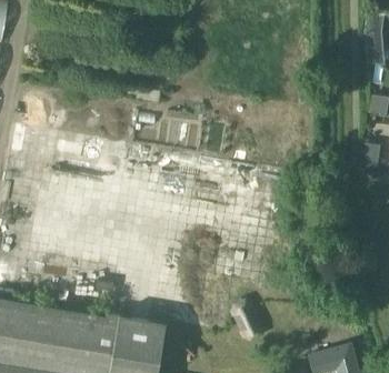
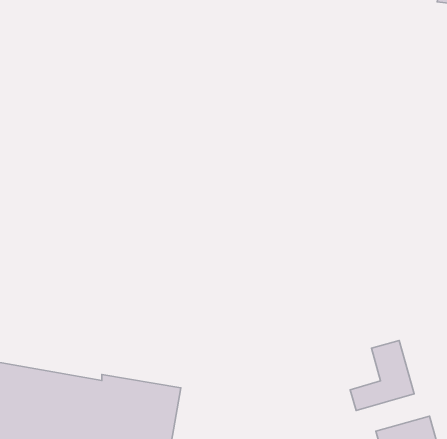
building: none -> [350,341,414,411]

